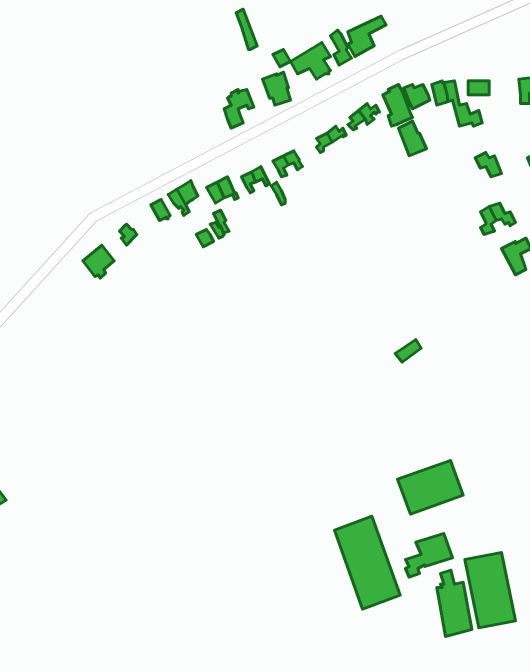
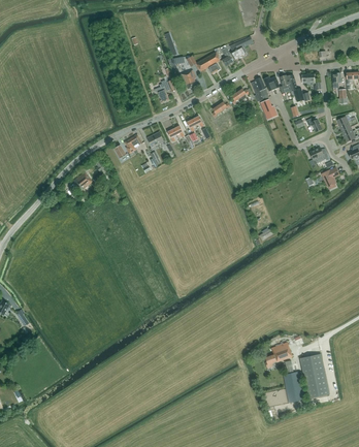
building: [398,460,463,514] -> none
building: [334,516,400,609] -> none

